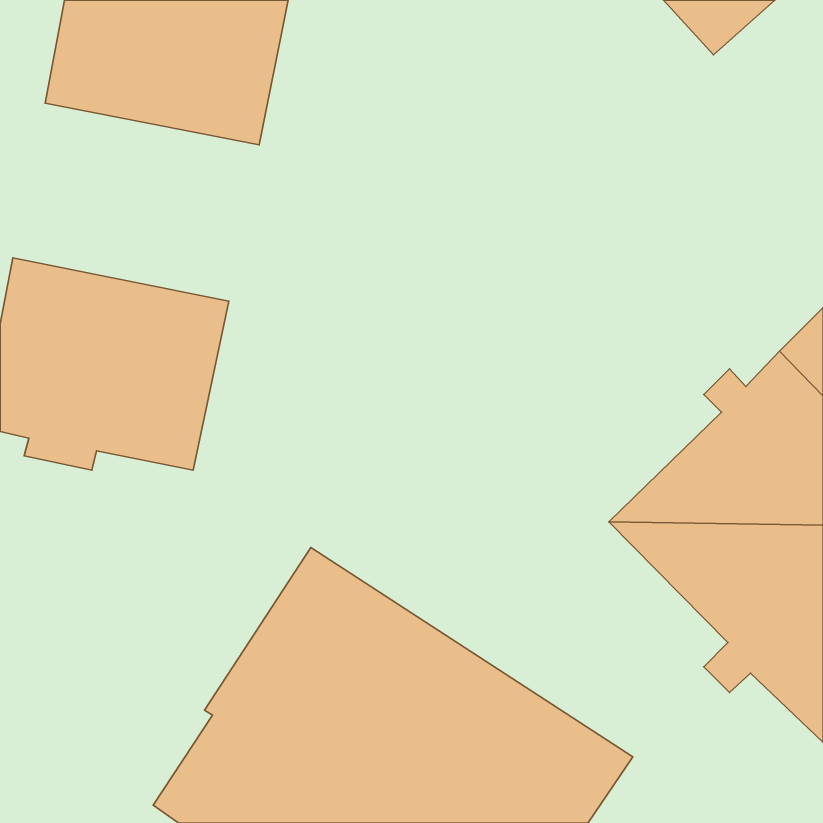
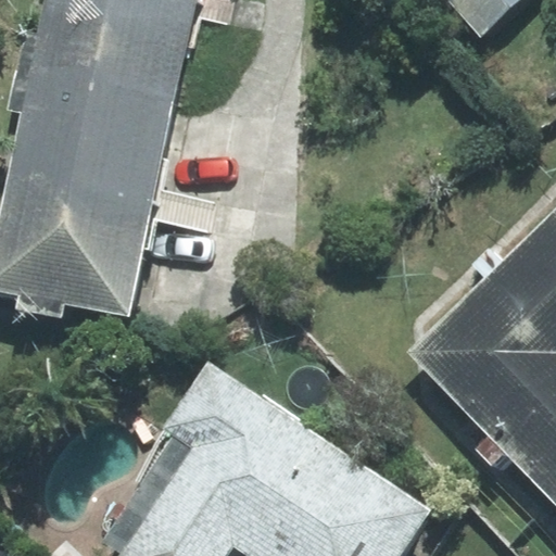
building: none -> [9,70,175,203]

